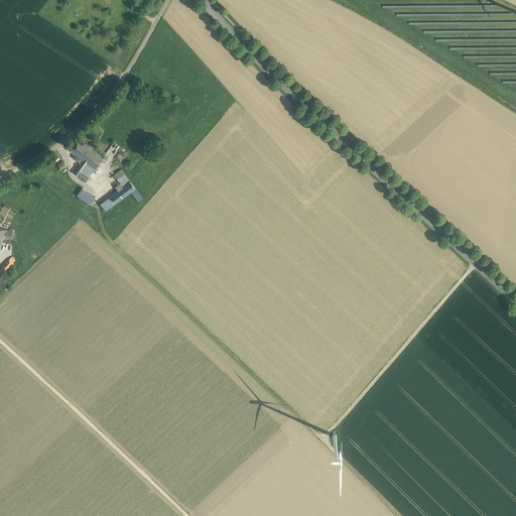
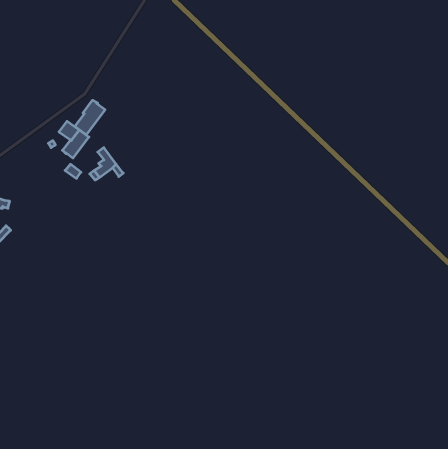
building: none -> [75,100,105,135]

